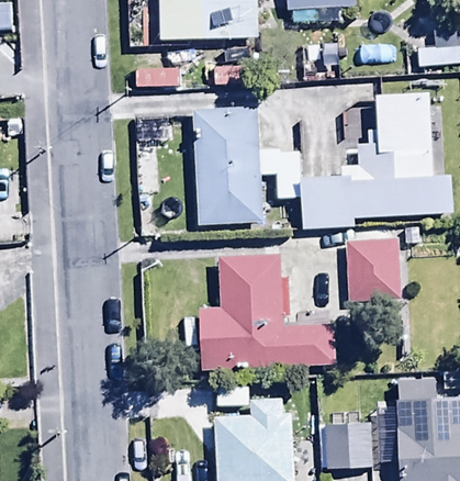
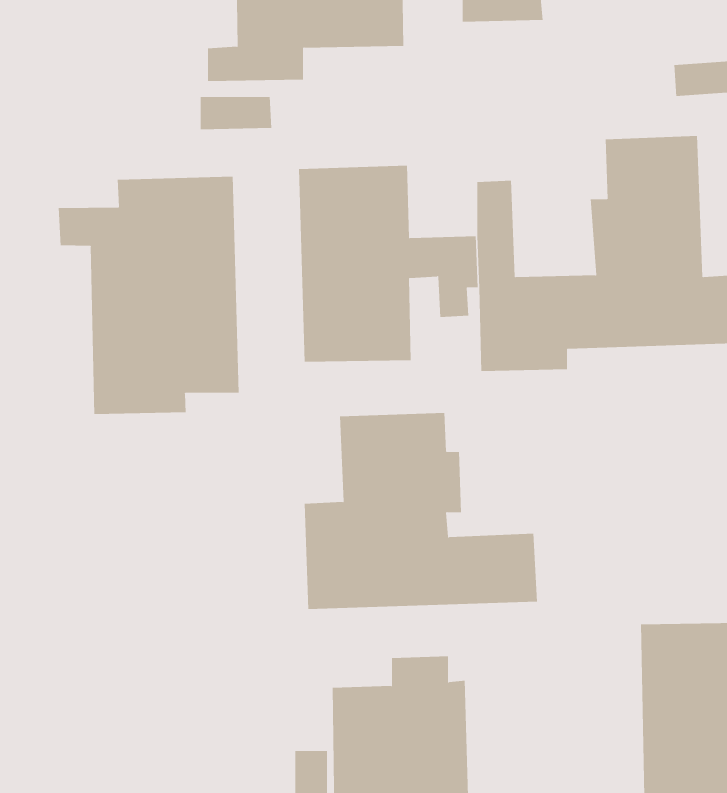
building: none -> [58,176,239,415]
building: [345,238,399,303] -> none
building: [319,421,370,468] -> none

